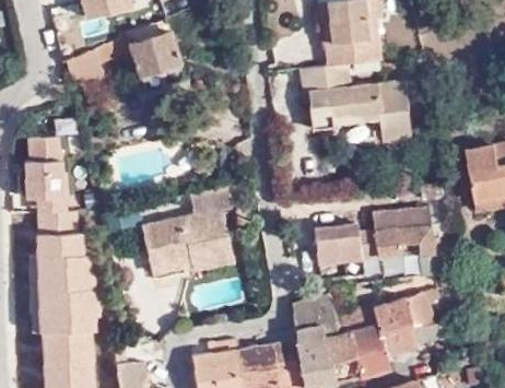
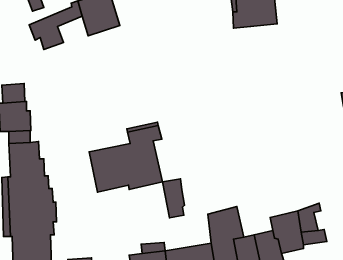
building: [300,63,411,142] -> none
building: [313,208,441,268] -> none
building: none -> [163,179,184,218]

